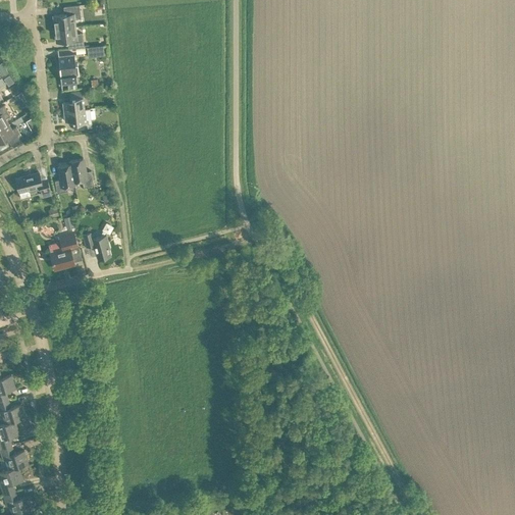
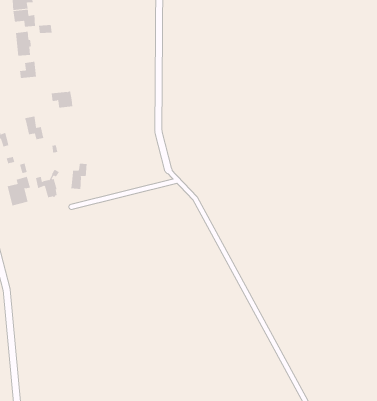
building: [63,109,91,131] -> [51,91,73,108]
building: [53,164,73,194] -> none
building: none -> [71,163,87,190]

